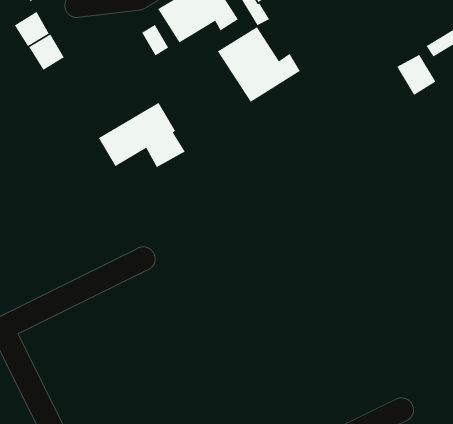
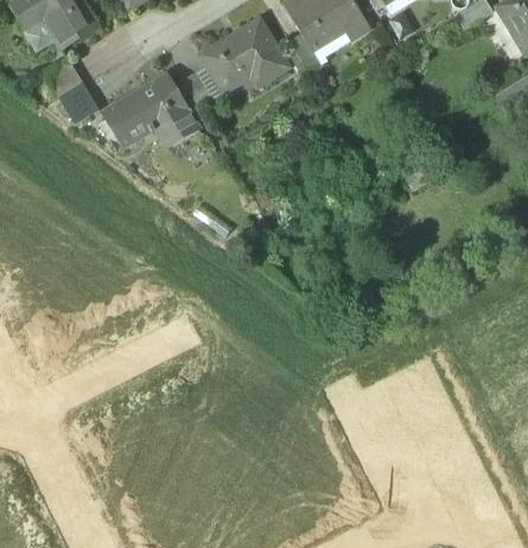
building: [217,26,301,103] -> none
building: [396,54,436,96] -> none
building: [98,102,186,168] -> [102,75,198,147]

